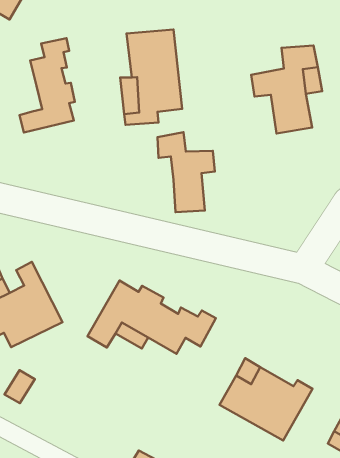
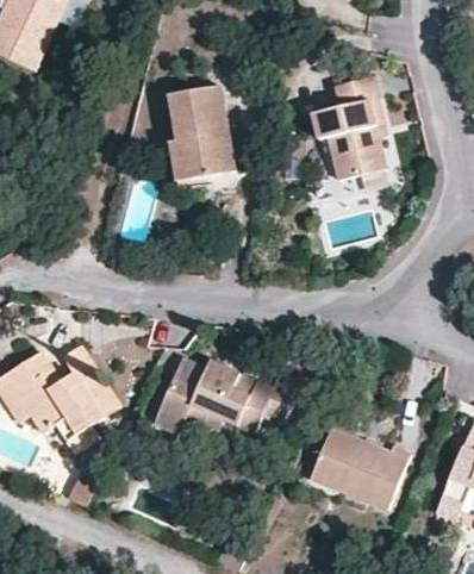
building: [19,38,75,132] -> none
building: [158,132,215,212] -> none

